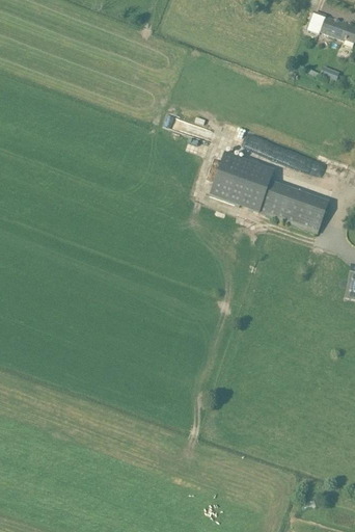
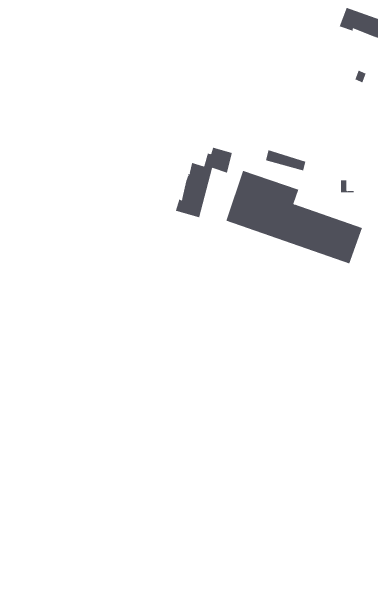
building: none -> [175,147,232,218]

